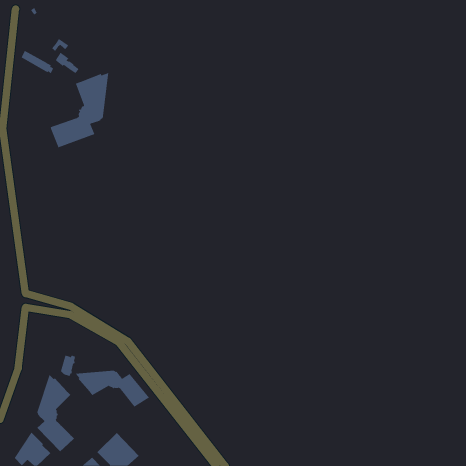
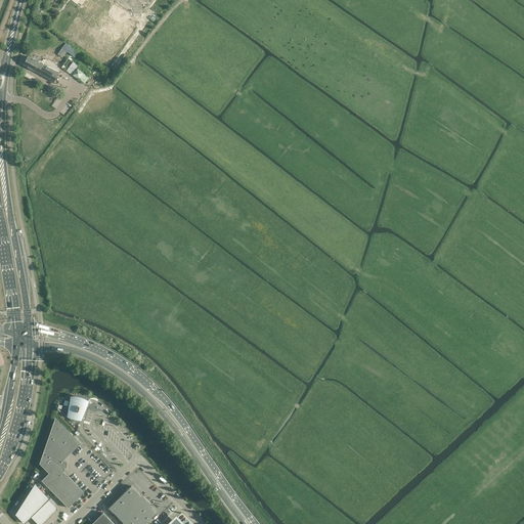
building: [50,72,109,148] -> none
building: [75,370,150,408] -> none

